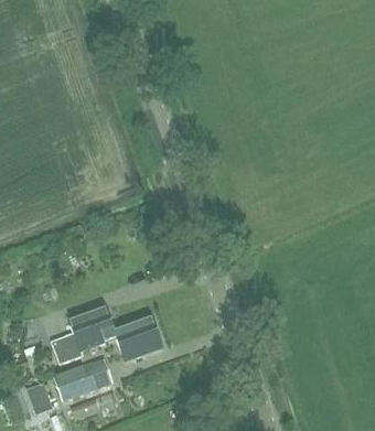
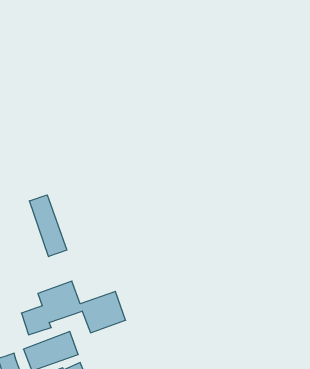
building: none -> [29,195,67,257]

